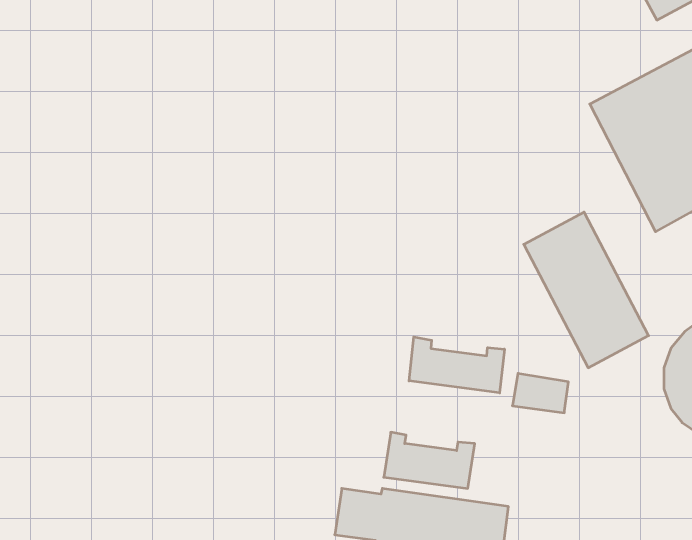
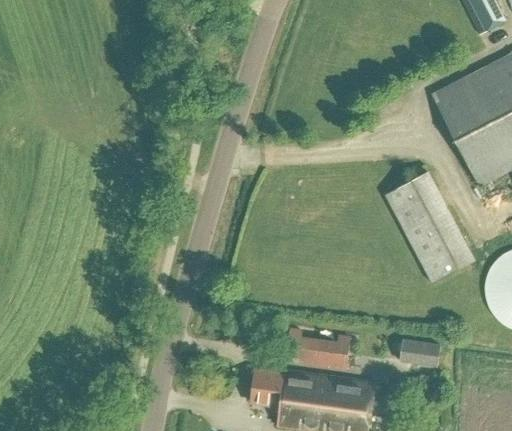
building: [409,337,504,393] -> none
building: [512,373,568,413] -> [400,338,440,366]

